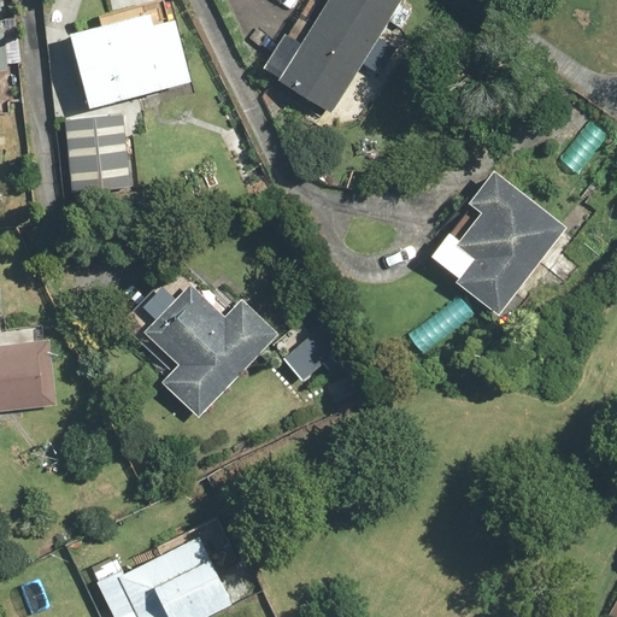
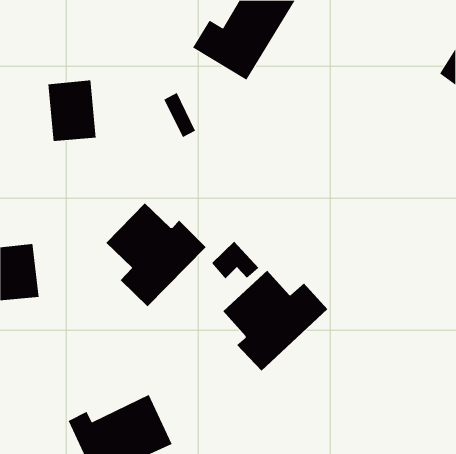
building: [70,11,192,106] -> none
building: [430,174,564,317] -> none
building: none -> [222,270,328,372]

